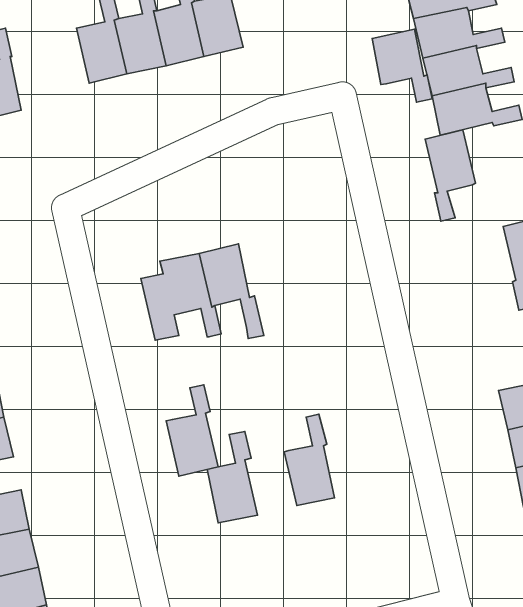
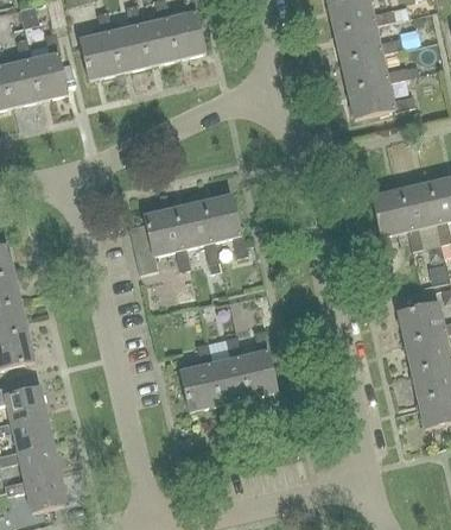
building: none -> [30,32,68,100]
building: [372,29,432,102] -> none
building: [425,130,475,221] -> [373,188,411,257]
building: none -> [202,195,247,258]
building: [166,385,218,476] -> [207,336,246,405]

